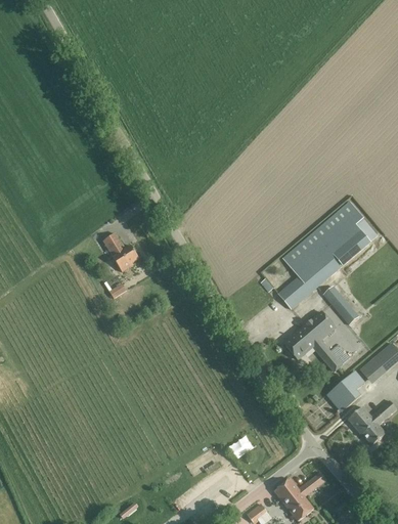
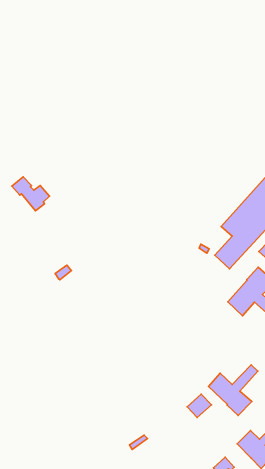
building: [100,234,138,271] -> [12,177,50,211]
building: none -> [208,365,258,415]

